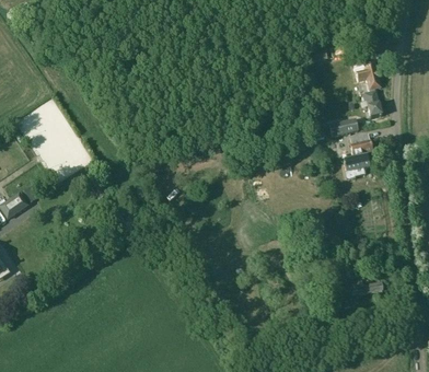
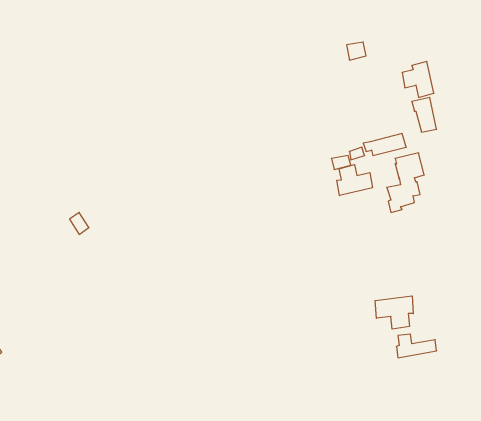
building: none -> [337,165,372,196]
building: none -> [375,296,413,329]

